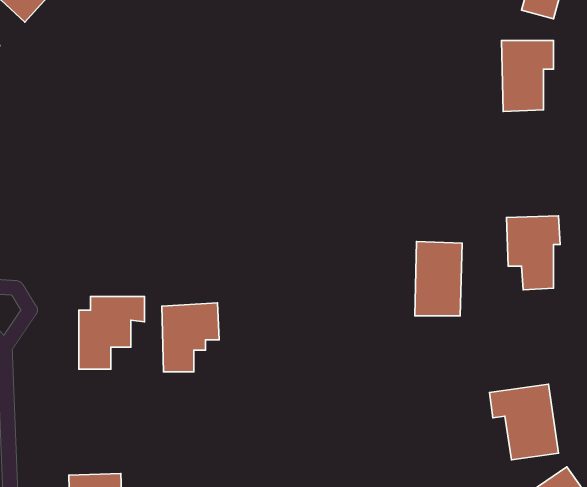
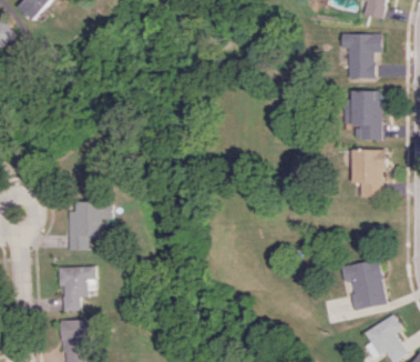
building: [415,242,462,316] -> [351,90,382,139]
building: [162,303,219,372] -> [60,265,98,311]

